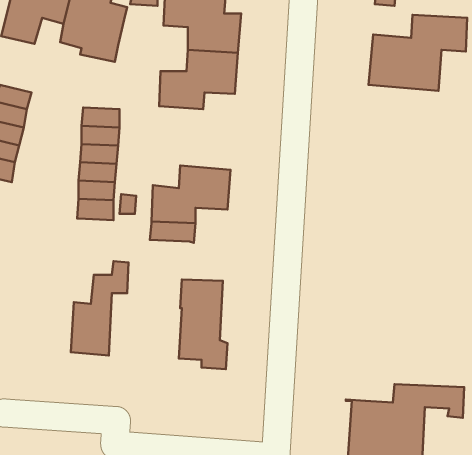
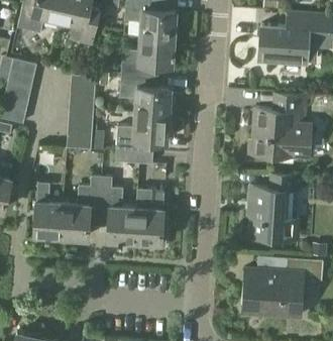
building: none -> [119,74,171,116]
building: none -> [248,95,312,157]
building: none -> [248,175,301,237]
building: none -> [100,178,136,241]
building: none -> [34,183,65,237]

